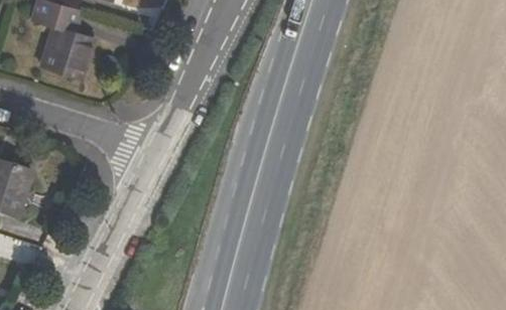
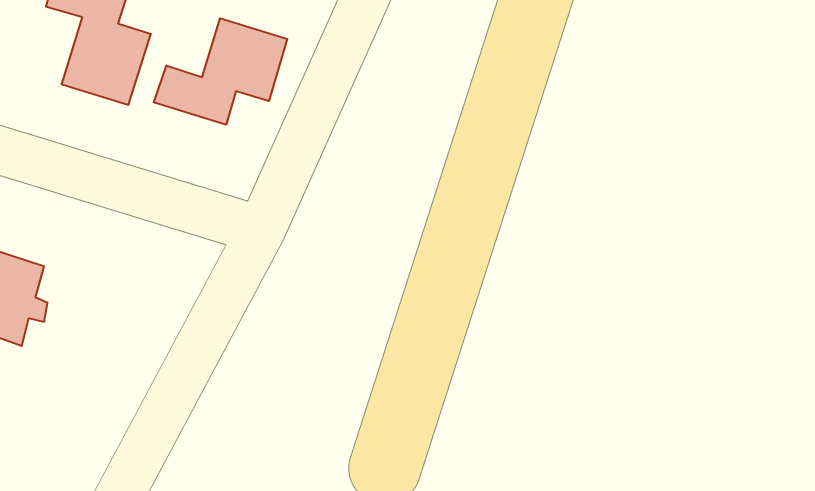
building: none -> [154,18,287,125]

